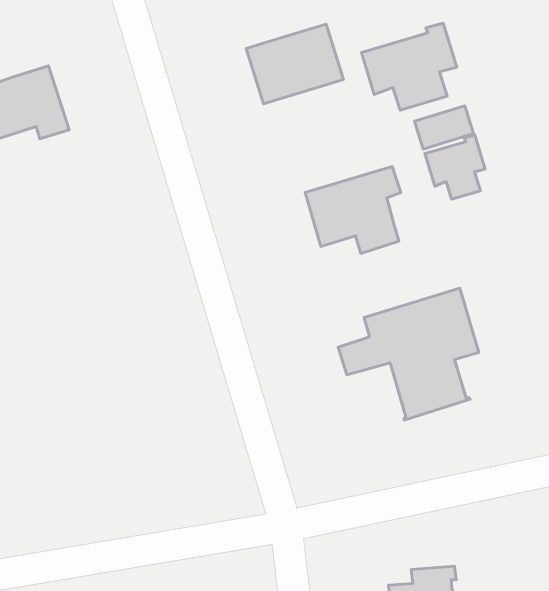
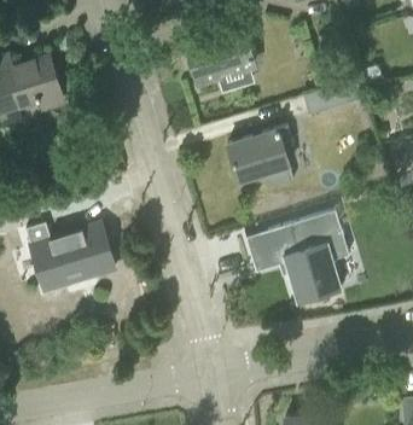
building: [361,23,457,110] -> none
building: [425,135,485,199] -> none
building: none -> [25,223,114,291]

